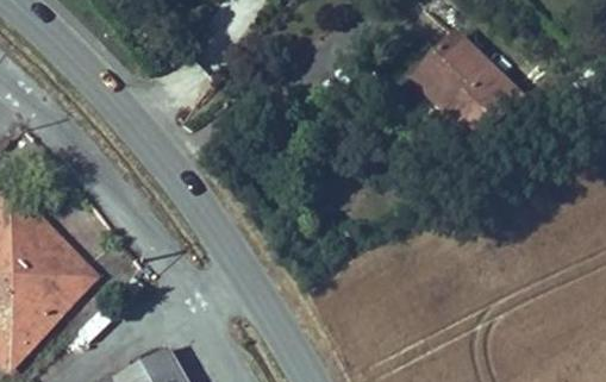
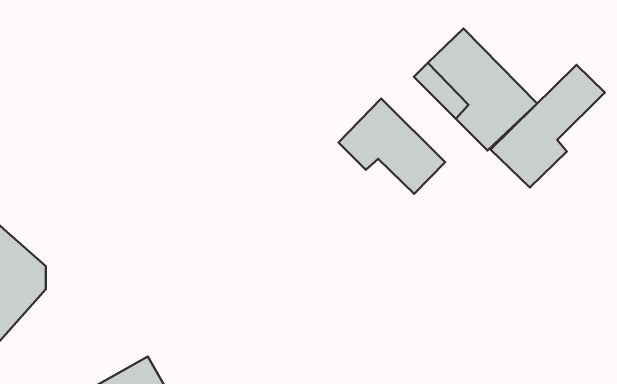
building: none -> [490,65,605,187]
building: none -> [339,99,445,194]

